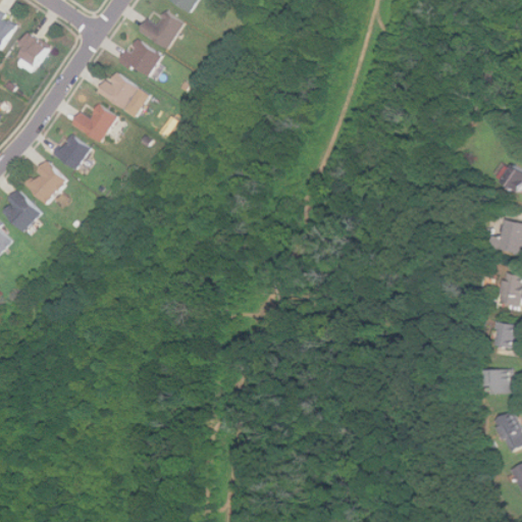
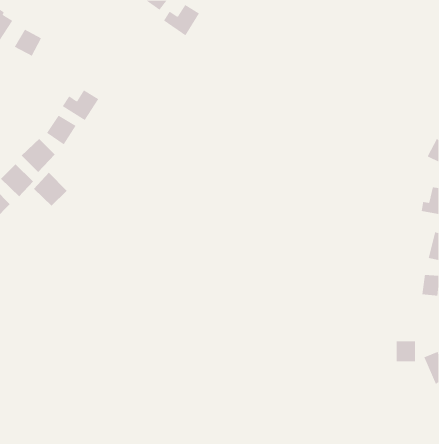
building: [140,11,182,49] -> [163,4,200,36]
building: [119,38,161,80] -> none
building: [96,72,149,117] -> none
building: none -> [33,172,67,207]
building: [487,369,511,394] -> [396,341,416,362]

